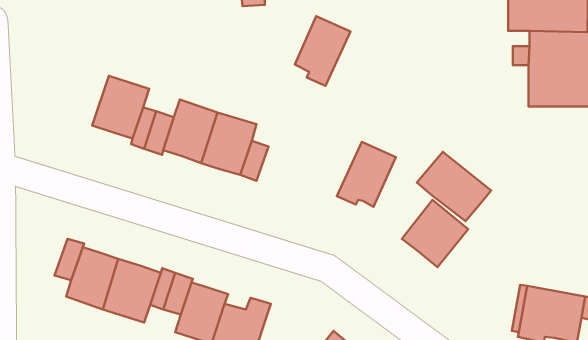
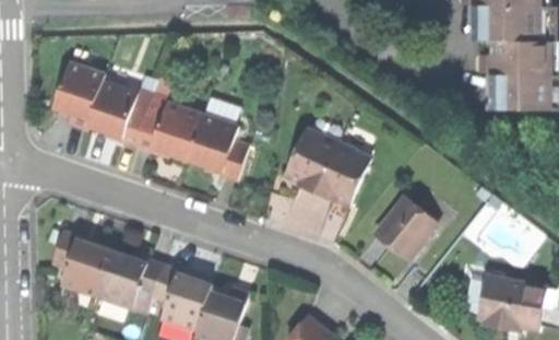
building: [295,16,350,86] -> [285,127,336,191]
building: none -> [53,62,105,131]
building: [417,152,491,221] -> none

